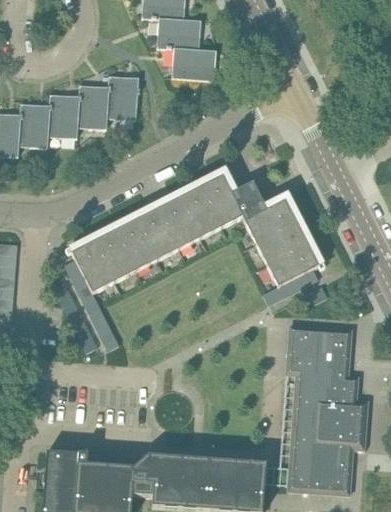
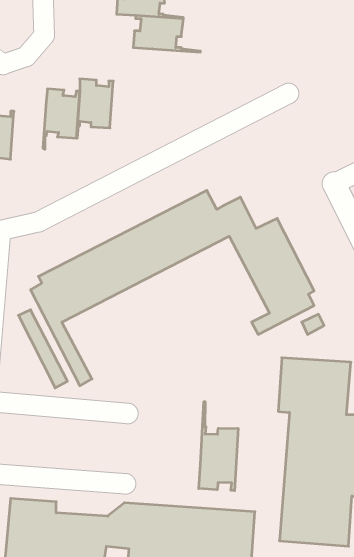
building: [171,48,216,79] -> none
building: [46,93,78,147] -> none
building: none -> [199,402,238,491]

